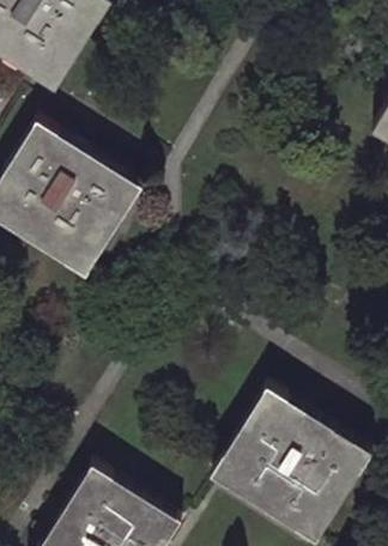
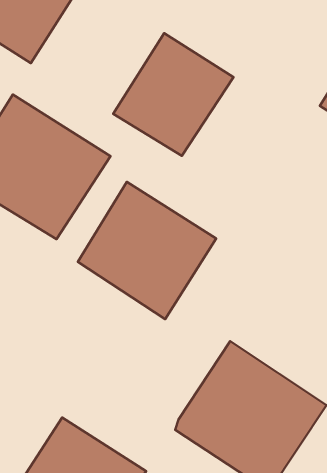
building: none -> [113,33,233,156]
building: none -> [78,182,216,319]

